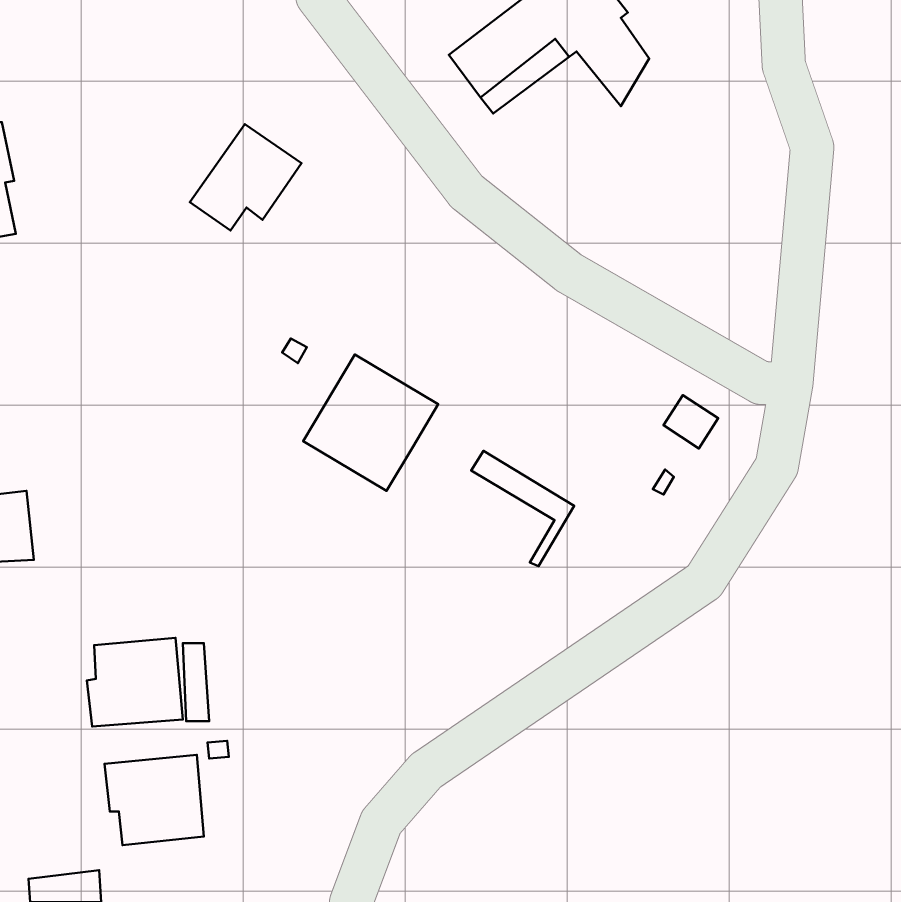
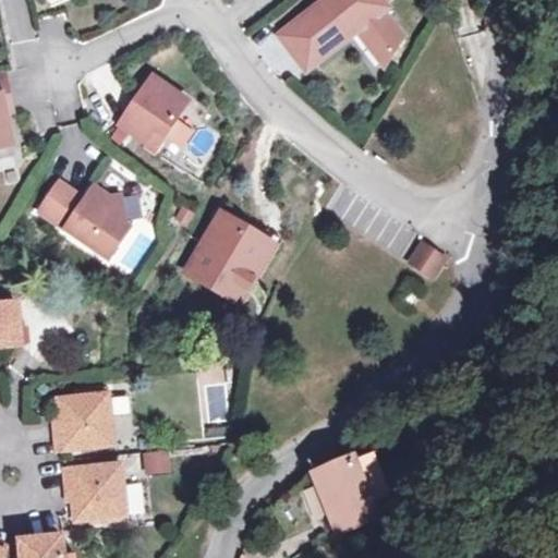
building: none -> [37,182,126,257]
building: [471,451,574,566] -> [218,206,281,277]
building: none -> [313,456,376,531]

